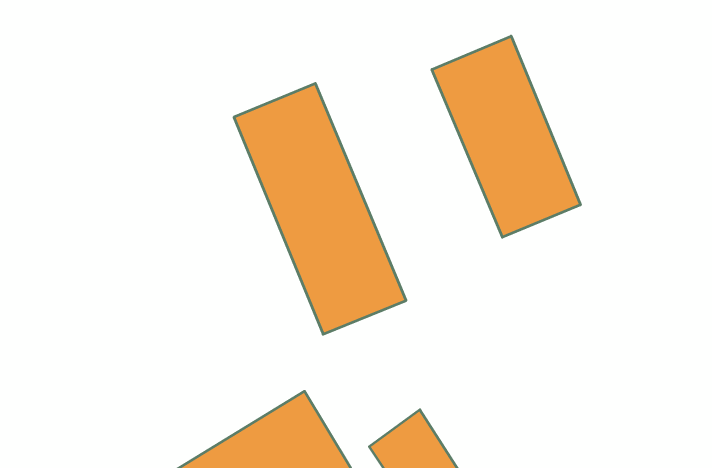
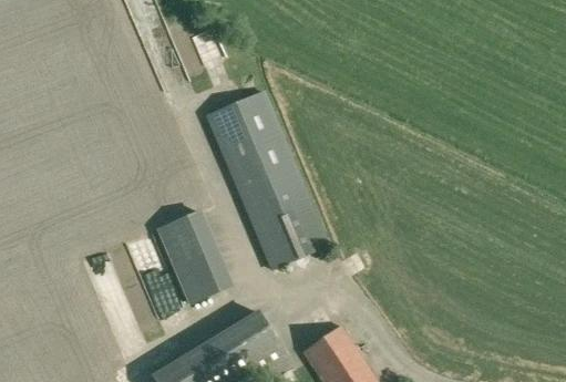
building: [432,36,580,237] -> none
building: none -> [162,205,243,304]

